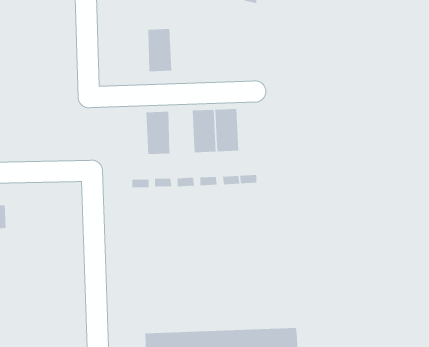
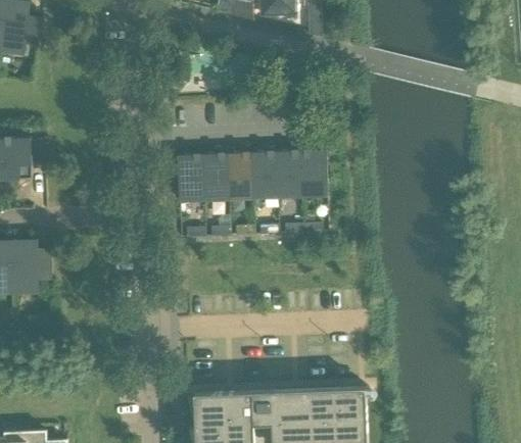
building: [147,28,172,72] -> [226,152,252,199]
building: none -> [299,149,326,196]
building: none -> [176,154,202,201]

